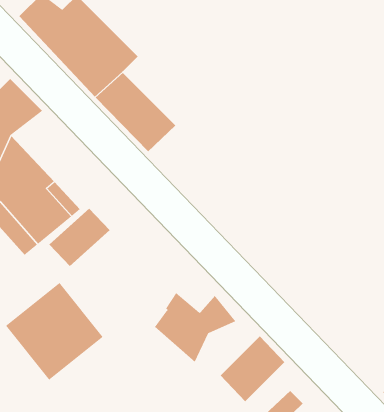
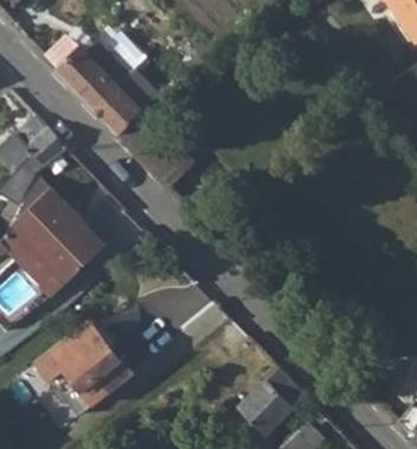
building: [48,208,110,267] -> none
building: [154,292,236,363] -> none

